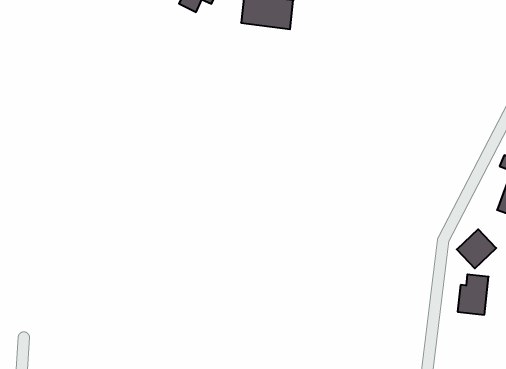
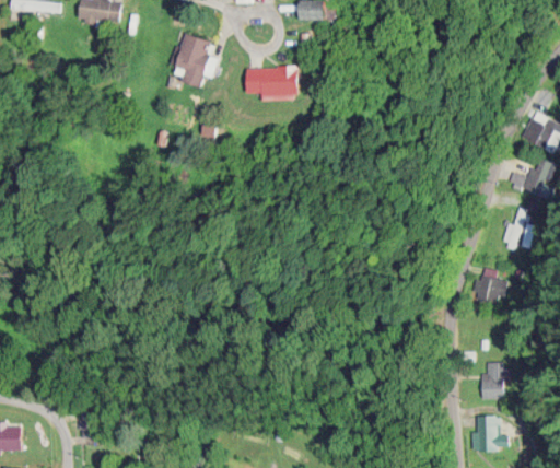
building: [458,274,489,315] -> [481,362,508,399]

